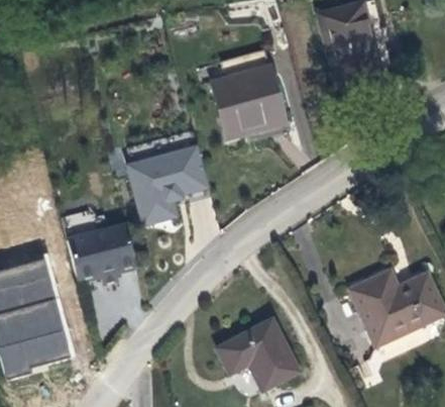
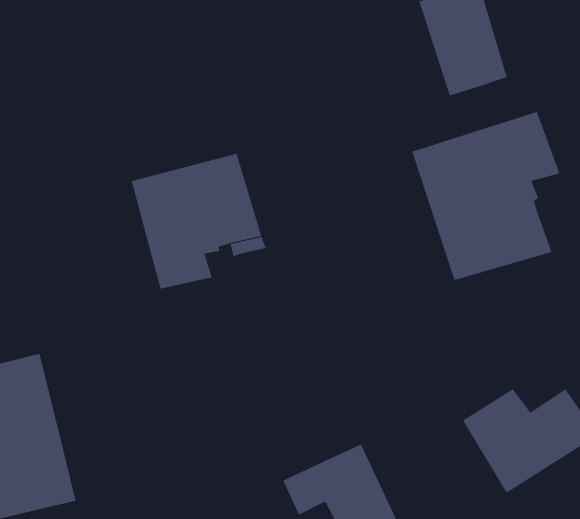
building: [214,68,284,131] -> none
building: none -> [412,111,560,281]
building: [60,214,129,275] -> none

